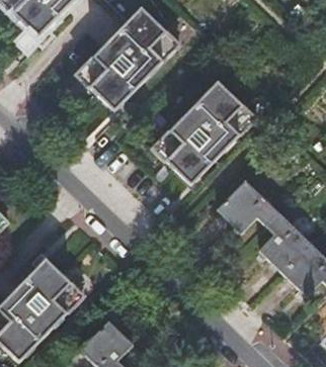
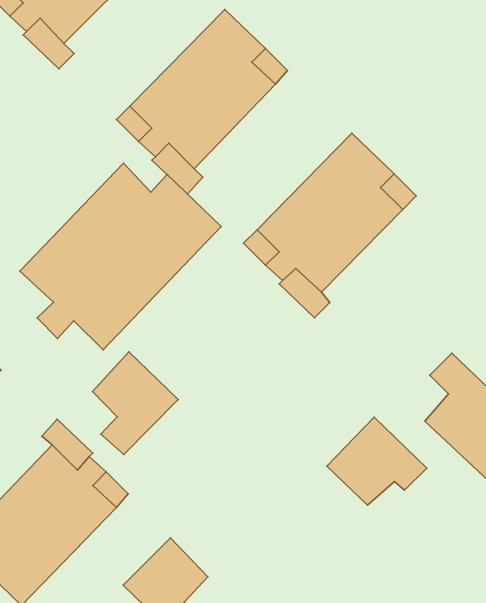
building: none -> [20,163,221,350]
building: [217,181,276,234] -> [327,417,427,505]
building: none -> [92,352,178,455]

